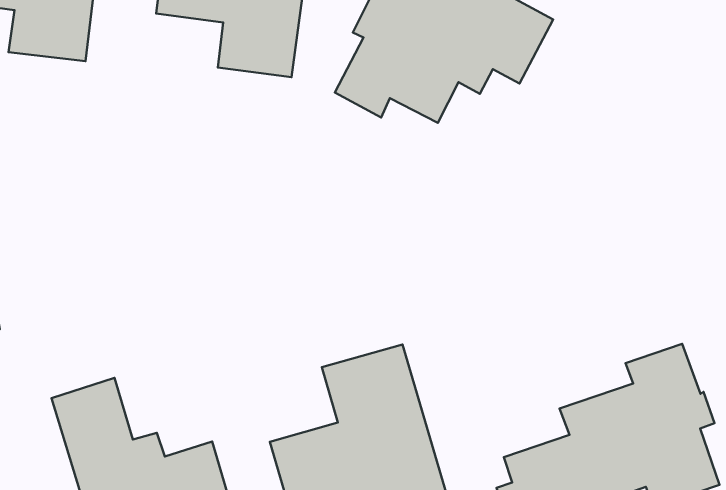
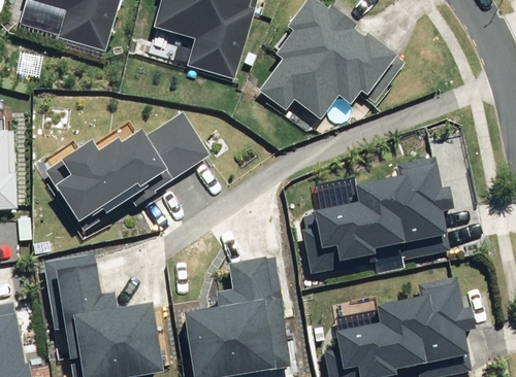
building: none -> [43,114,204,225]
building: none -> [303,159,446,274]

